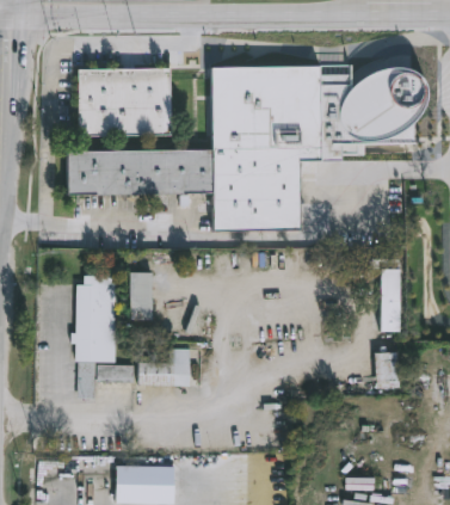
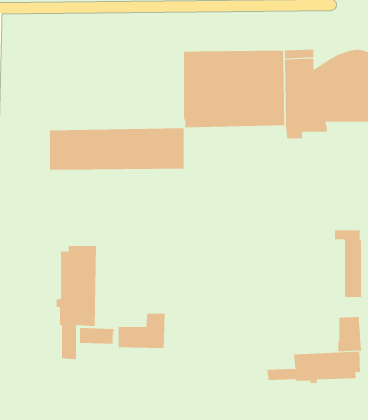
building: [75,68,171,136] -> none
building: [210,147,320,233] -> none
building: [129,272,153,320] -> none
building: none -> [267,351,361,384]

